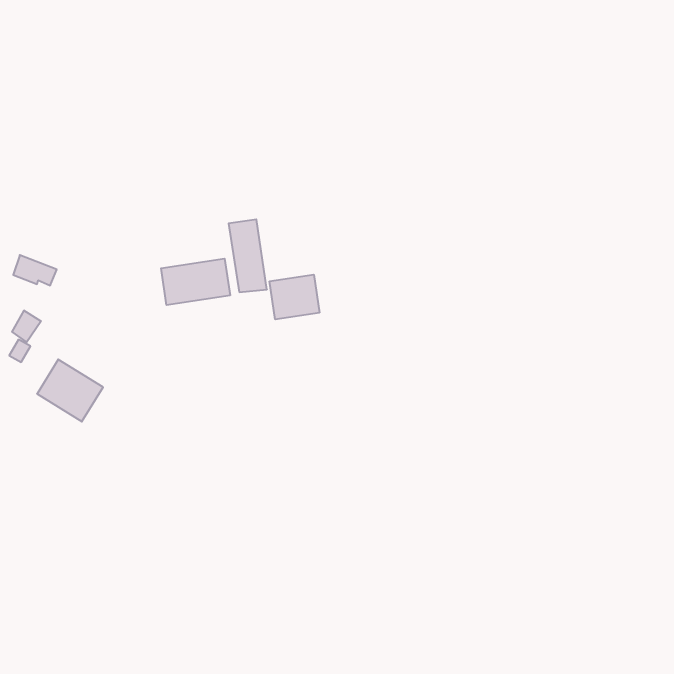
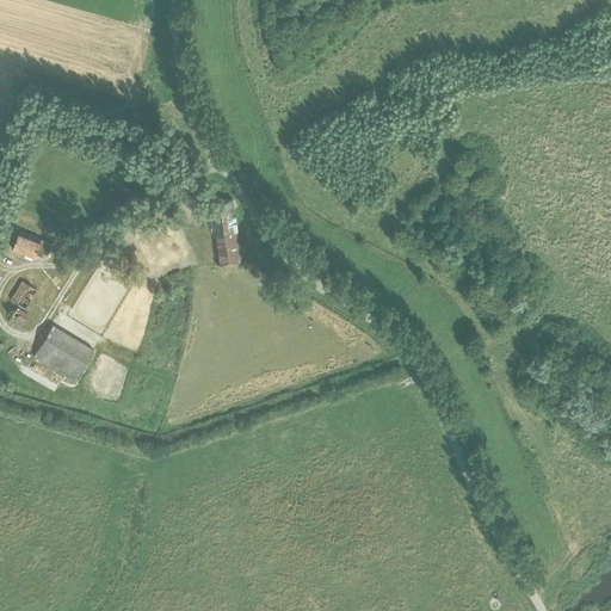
building: [161,259,230,305] -> none
building: [270,275,319,319] -> none

